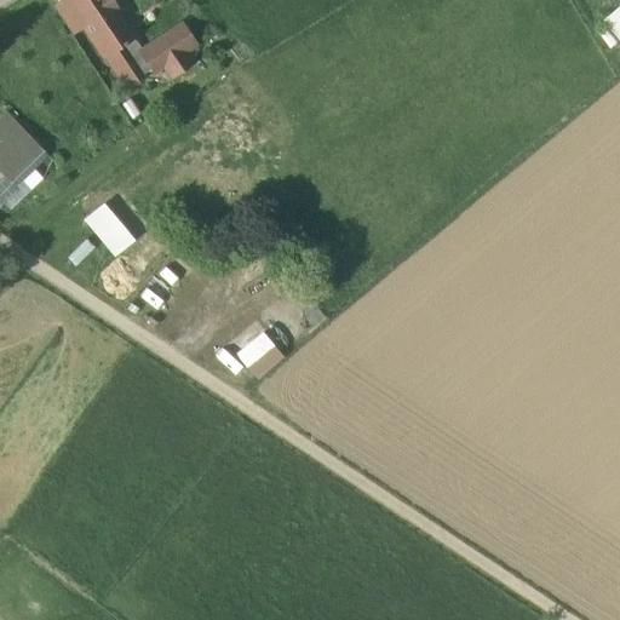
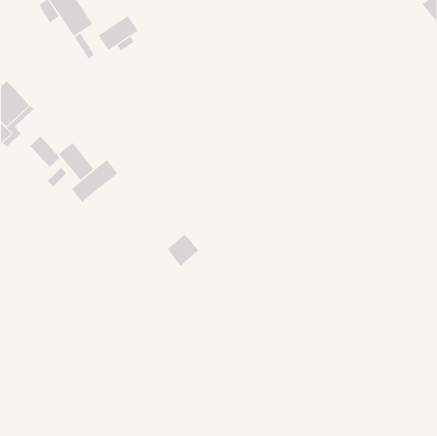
building: [114,34,150,78] -> none
building: none -> [29,136,61,167]
building: none -> [71,159,118,203]

